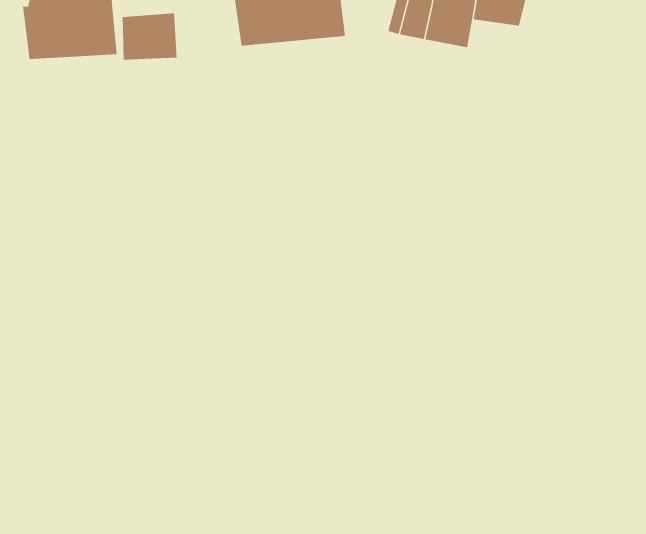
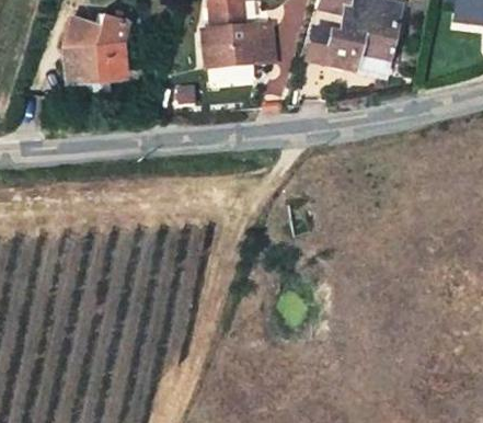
building: [122,13,177,60] -> none

